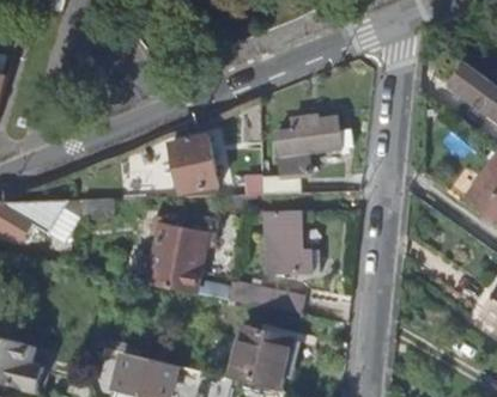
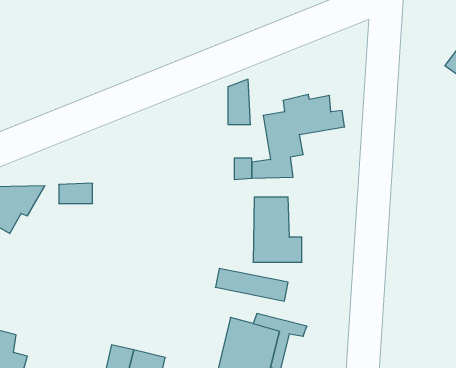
building: [170,139,218,193] -> none
building: [146,213,218,292] -> none

